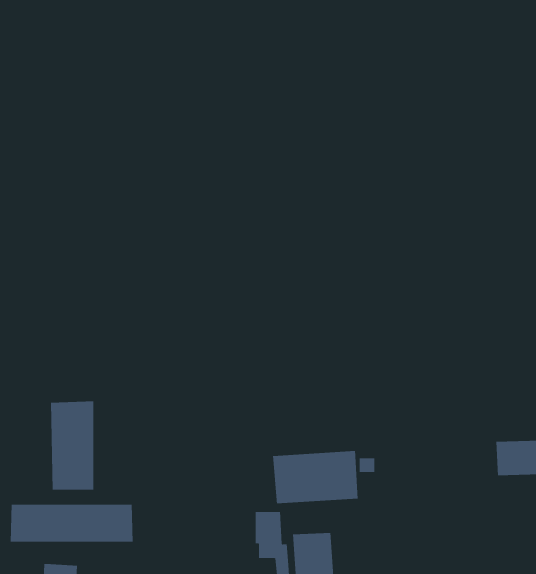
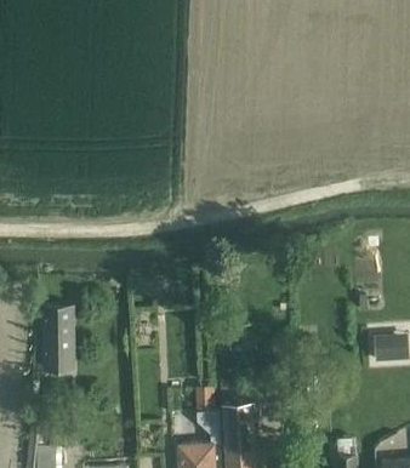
building: [272,450,358,504] -> none
building: [10,504,133,543] -> none

